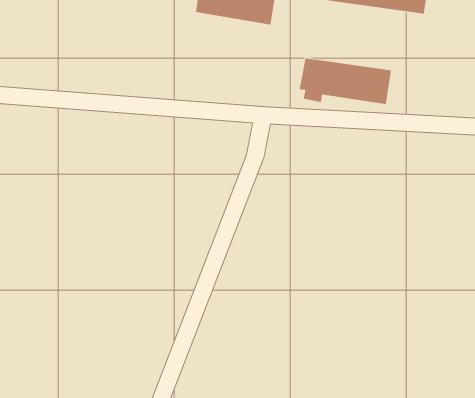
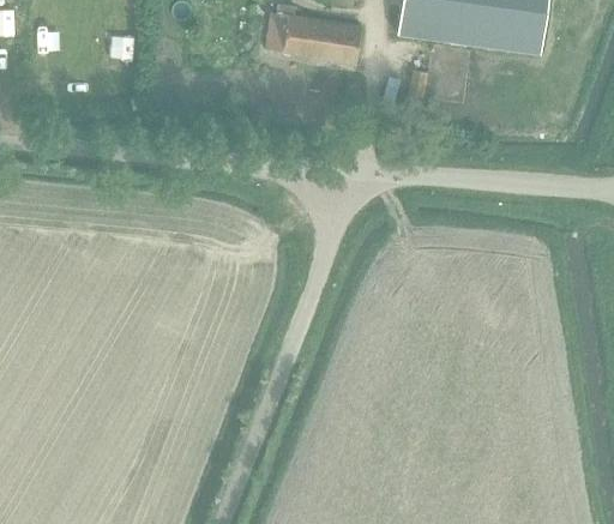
building: [299,57,392,105] -> none

